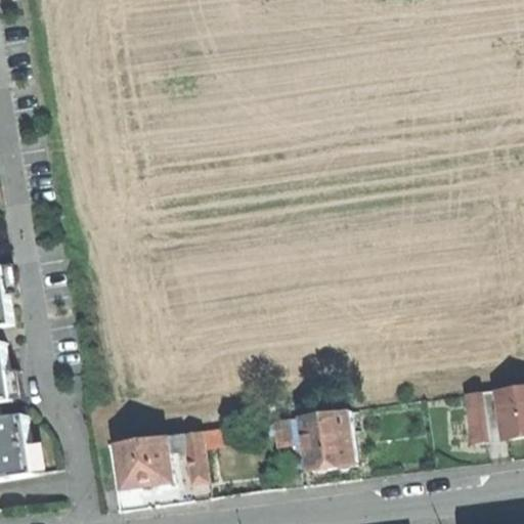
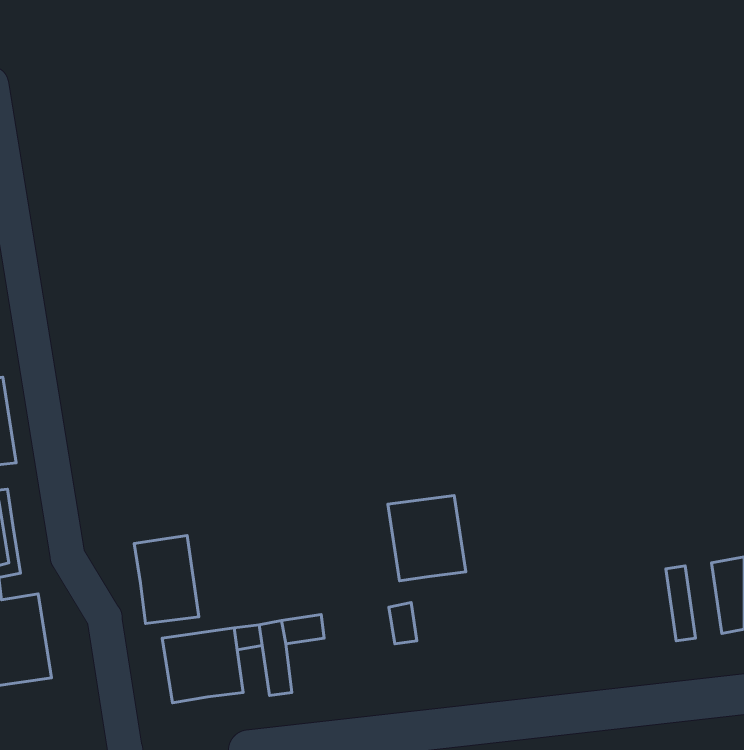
building: none -> [134,535,199,623]
building: [299,411,353,471] -> [388,495,466,581]

